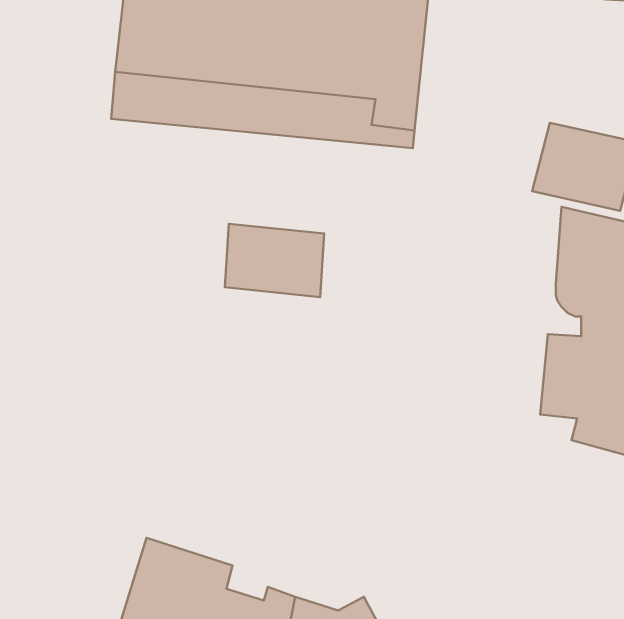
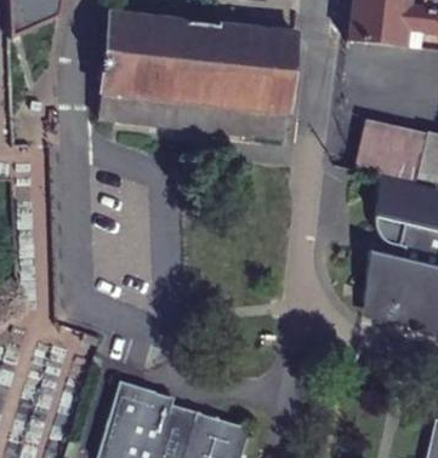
building: [225,224,324,297] -> none

